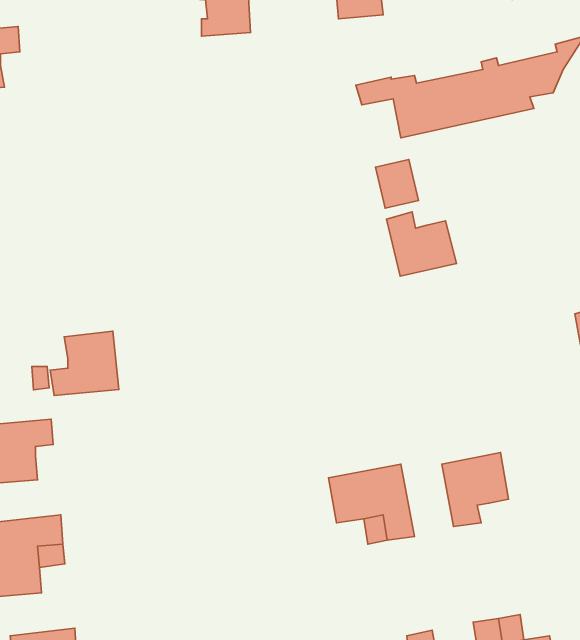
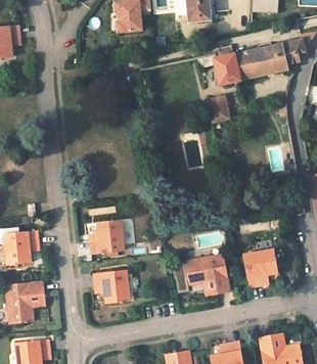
building: [387,212,457,276] -> none
building: [50,331,119,395] -> [92,219,128,253]
building: none -> [94,271,132,304]

